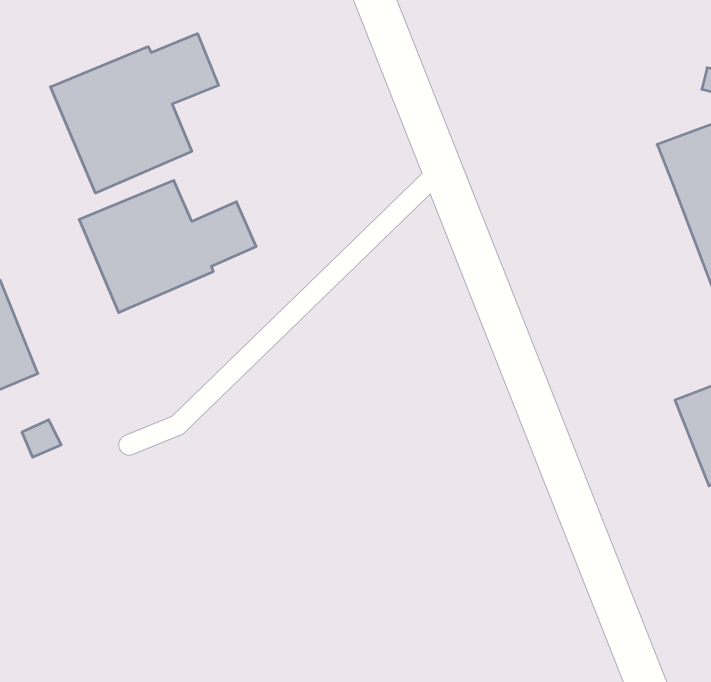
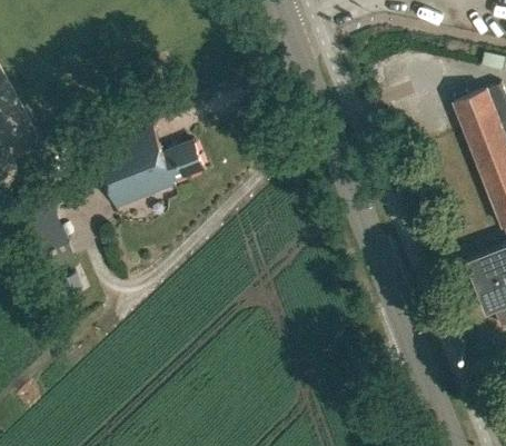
building: [50,34,219,193] -> none

